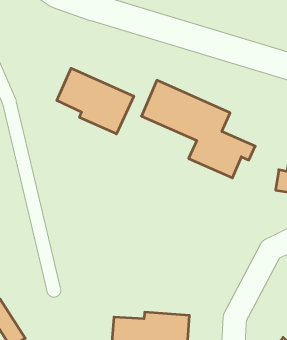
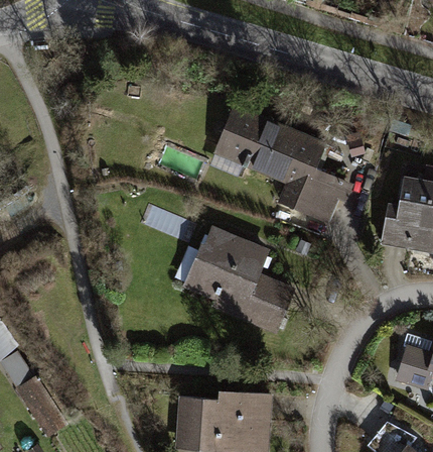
building: [57,68,134,134] -> none
building: none -> [182,226,294,334]

